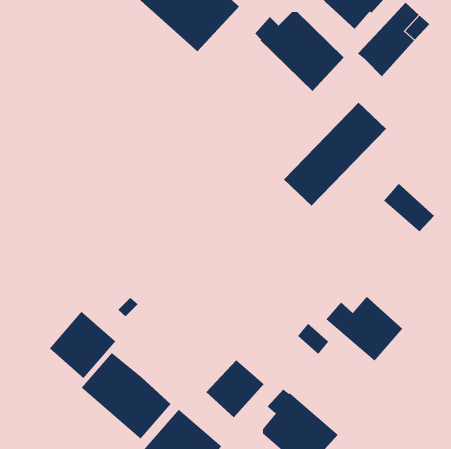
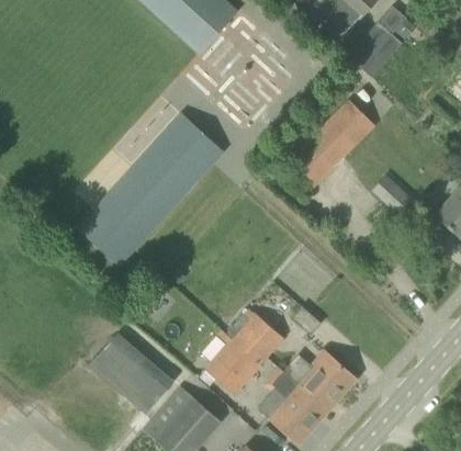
building: [254,11,345,92] -> none
building: none -> [79,119,225,272]
building: [325,296,403,362] -> [283,348,356,409]
building: [49,311,116,379] -> none
building: none -> [234,315,281,362]

